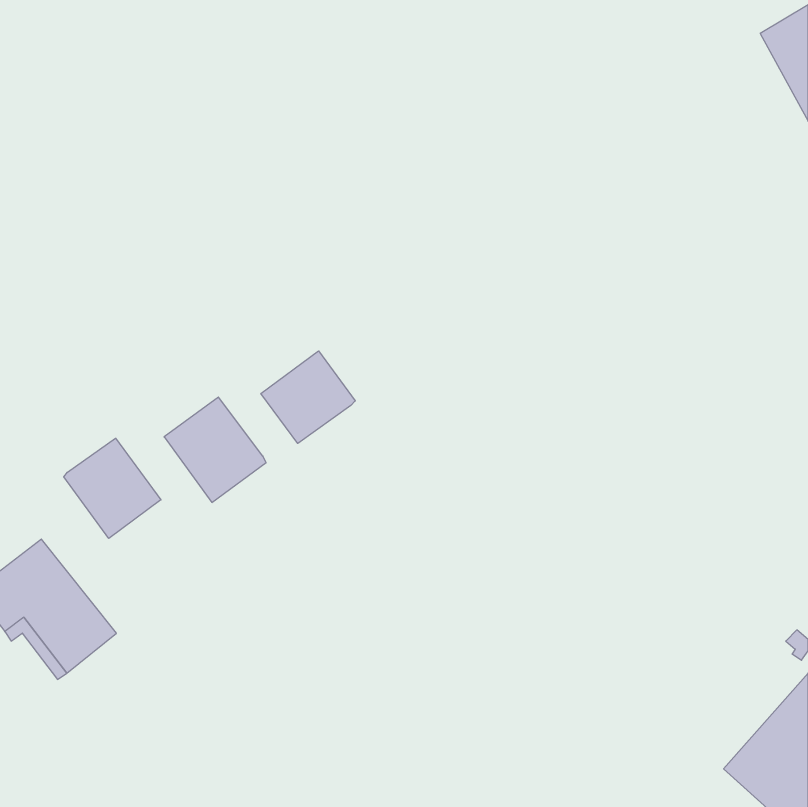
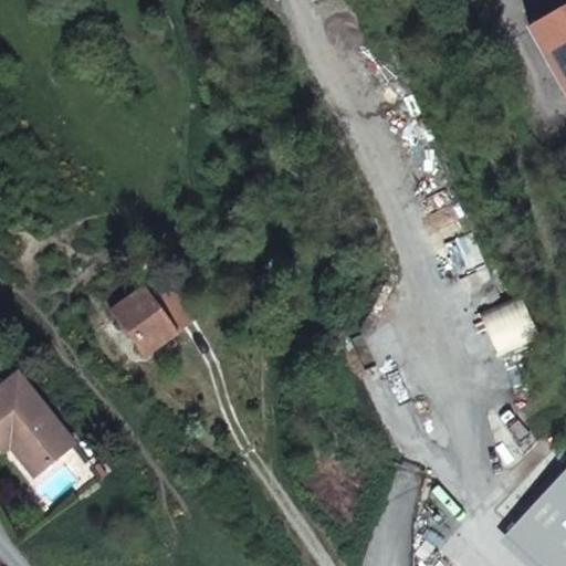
building: [261,351,355,443] -> none
building: [64,438,161,538] -> none

